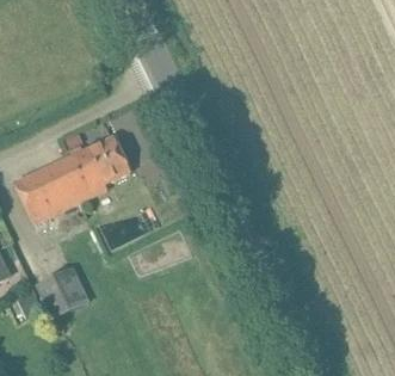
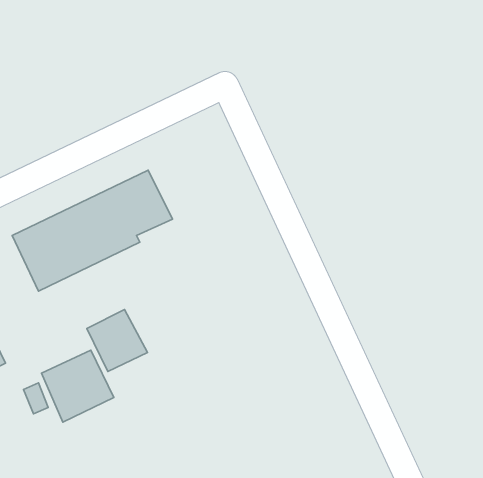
building: none -> [87,309,147,372]

